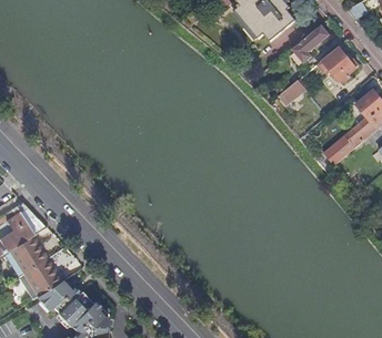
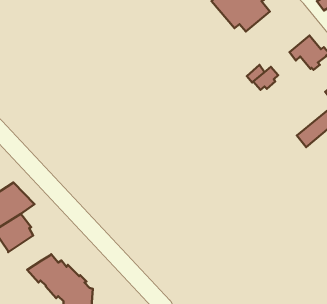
building: [291,24,328,61] -> none
building: [17,258,61,298] -> none

